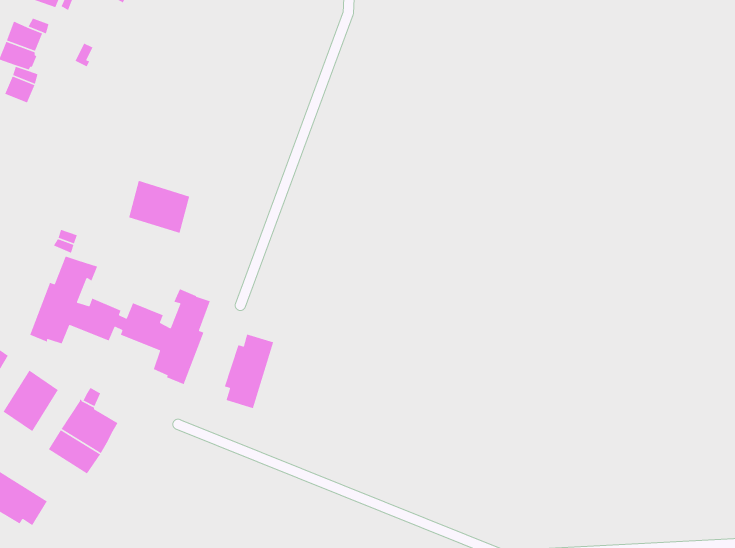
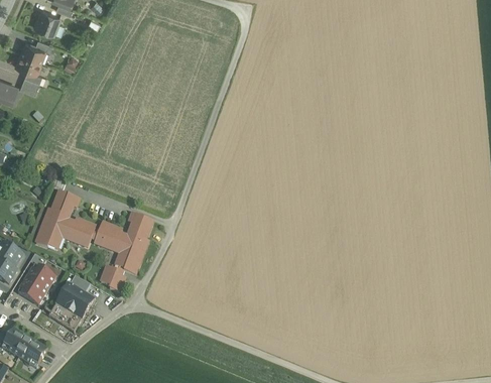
building: [128,180,190,234] -> none
building: [224,334,274,409] -> none
building: none -> [100,264,125,290]

